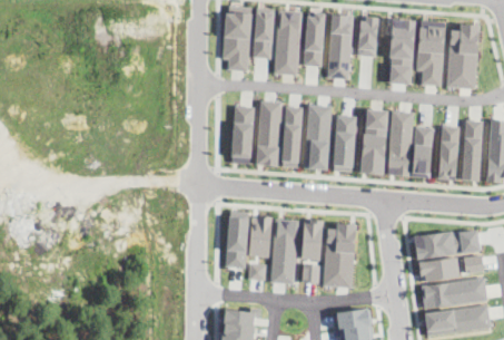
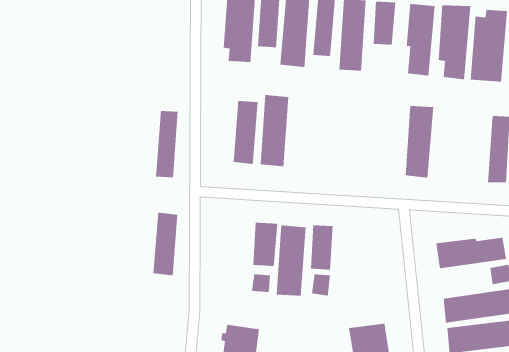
building: [304,104,332,169] -> none
building: [281,106,303,167] -> [155,110,179,178]
building: [360,108,388,174] -> none
building: [333,115,357,172] -> none
building: [438,125,461,181] -> none
building: [412,126,433,177] -> none
building: [226,210,249,268] -> [152,212,178,276]
building: [323,222,357,289] -> none
building: [418,256,459,281] -> none

